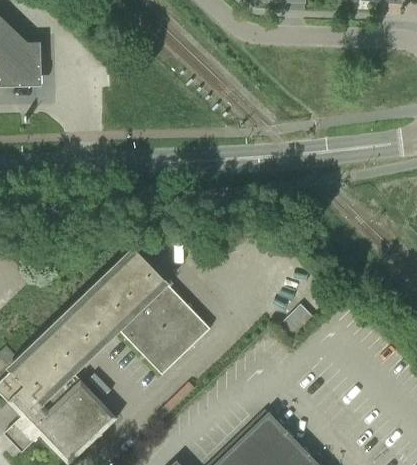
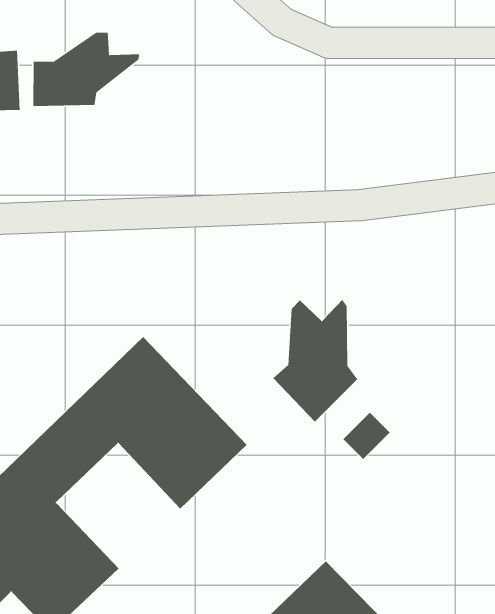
building: none -> [32,32,140,107]
building: none -> [273,299,358,423]

